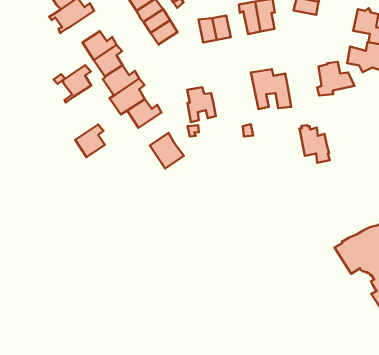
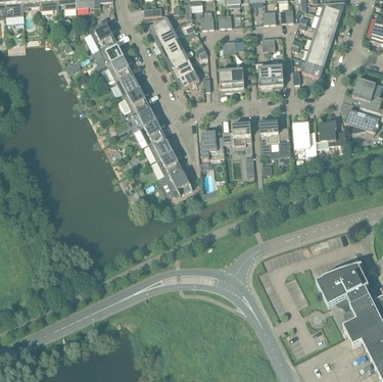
building: [62,65,91,102] -> [106,53,132,84]
building: none -> [222,123,251,145]
building: [75,124,105,157] -> [155,148,181,176]
building: [299,125,330,163] -> [292,122,316,155]

